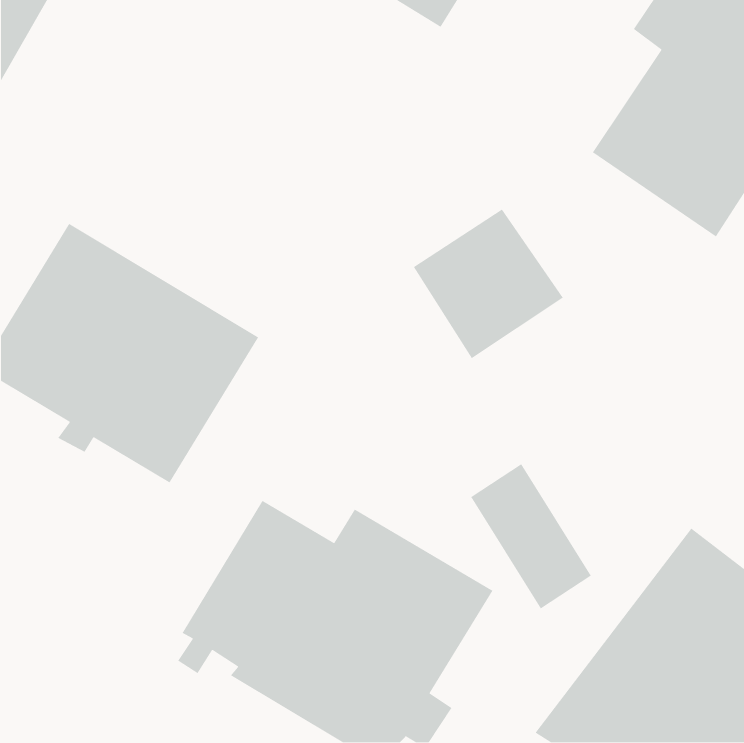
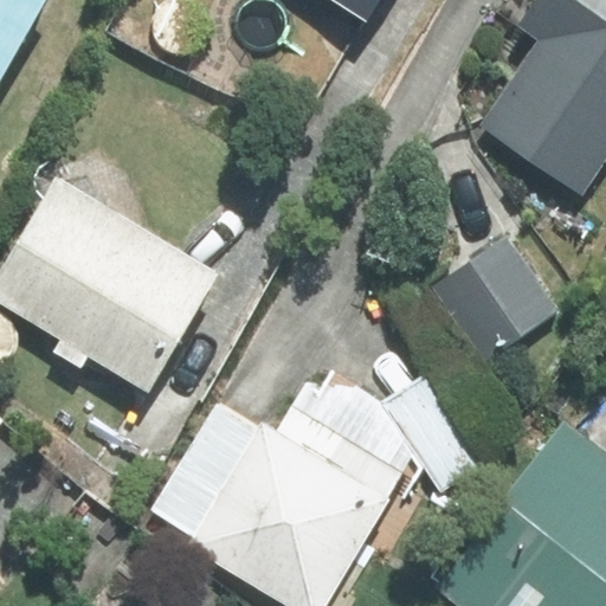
building: [413,208,564,359] -> [434,238,556,360]

